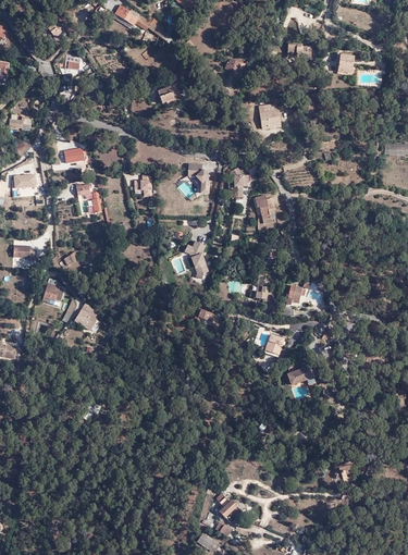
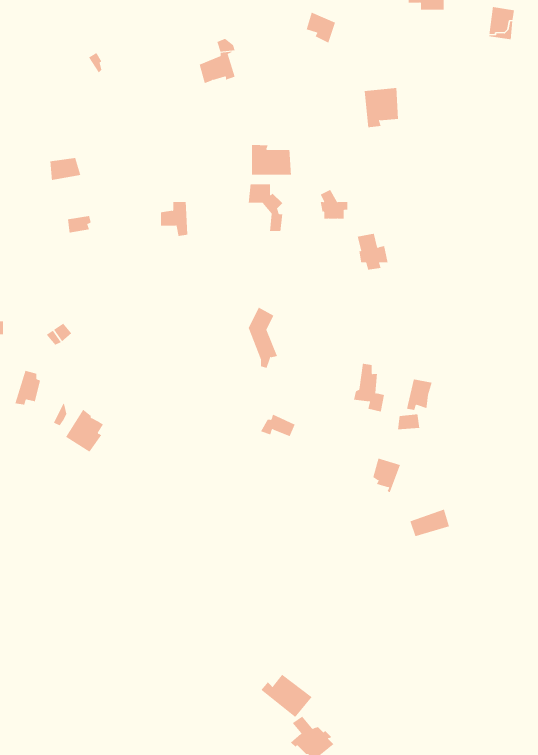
building: none -> [252,144,291,175]
building: none -> [260,674,313,718]

